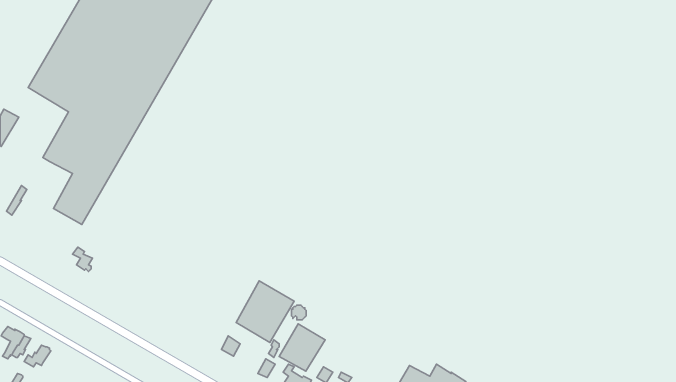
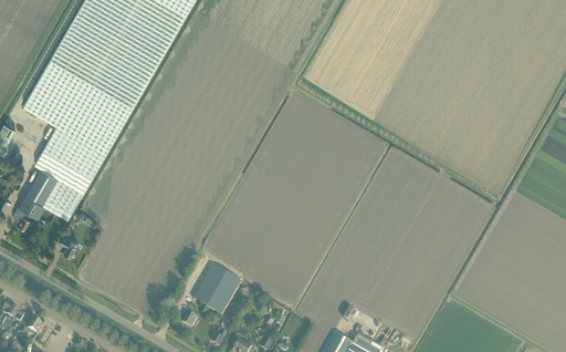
building: none -> [12,167,60,229]
building: [279,324,325,371] -> none

